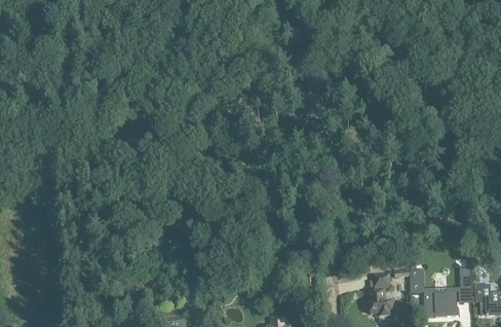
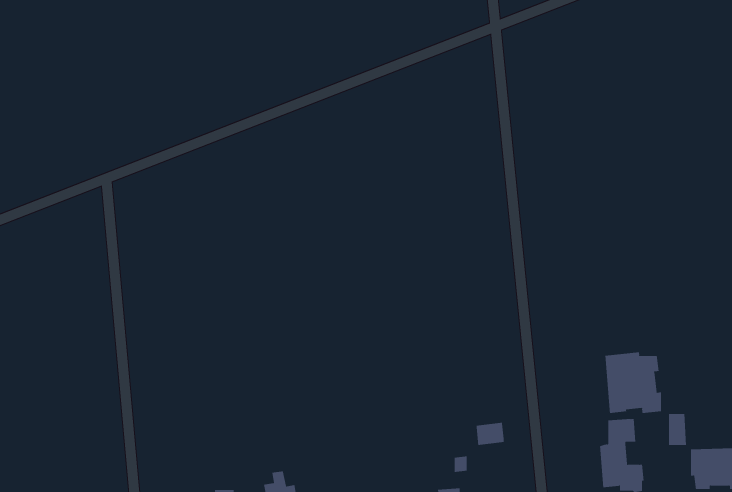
building: none -> [605,352,662,414]

